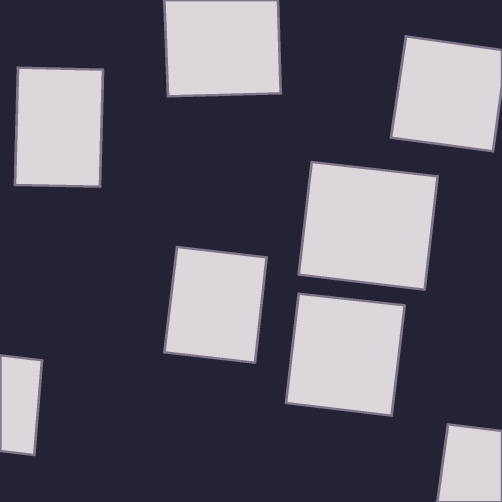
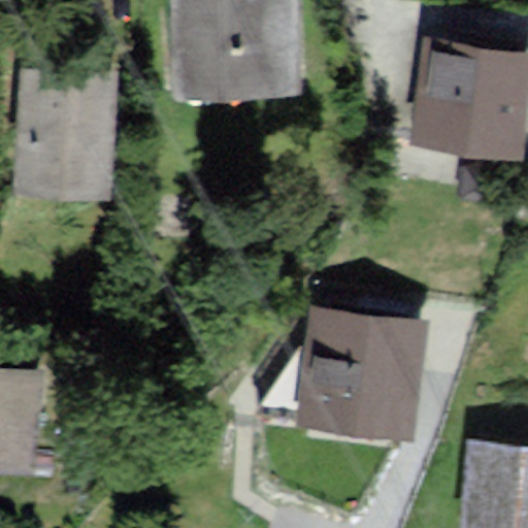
building: [299,162,438,290] -> none
building: [164,247,267,363] -> none

